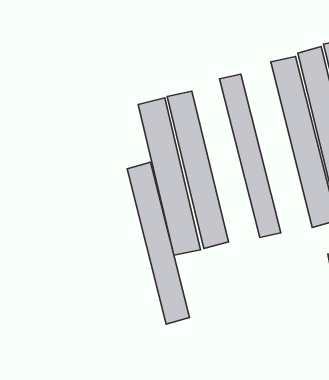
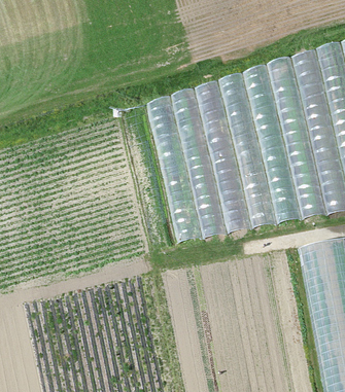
building: none -> [232,70,291,224]
building: [127,162,189,324] -> [184,85,242,235]

